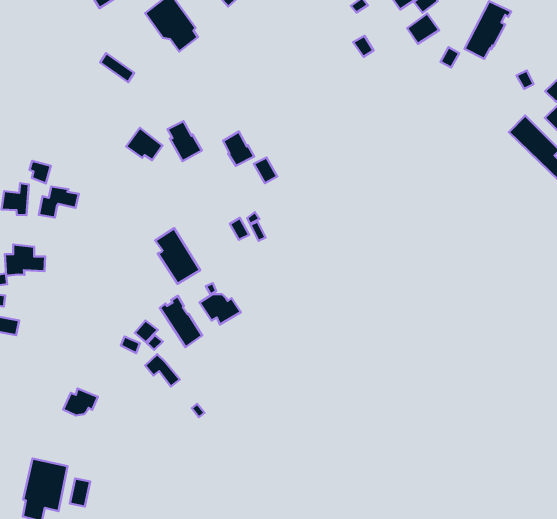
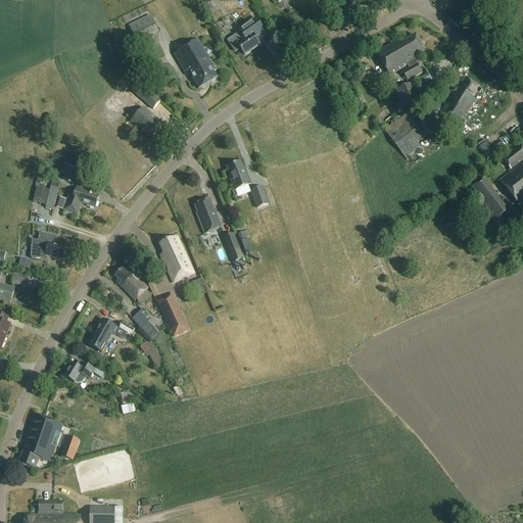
building: none -> [384,110,425,158]
building: [168,121,202,161] -> [195,198,222,232]
building: [126,128,163,160] -> [131,105,161,134]
building: none -> [114,267,148,298]
building: [200,294,241,325] -> none
building: none -> [88,318,116,350]

